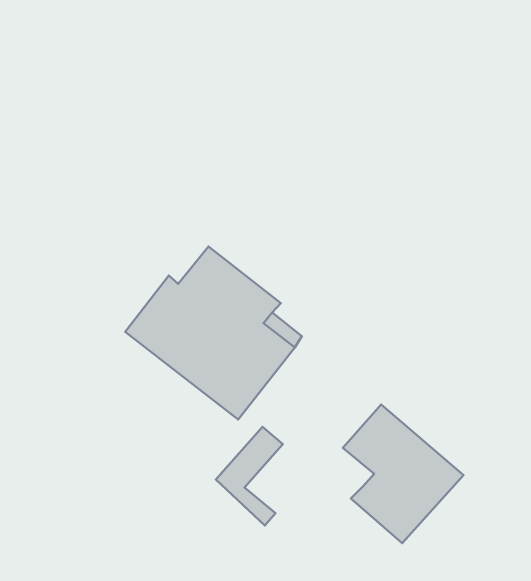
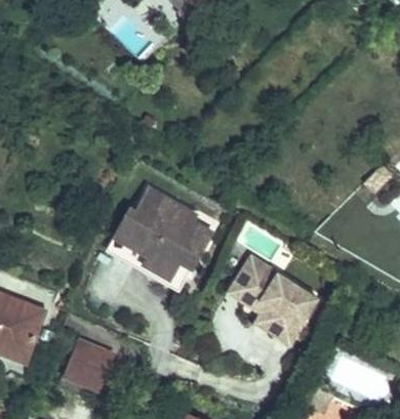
building: [216,427,283,526] -> [230,254,268,311]
building: none -> [62,337,112,388]

